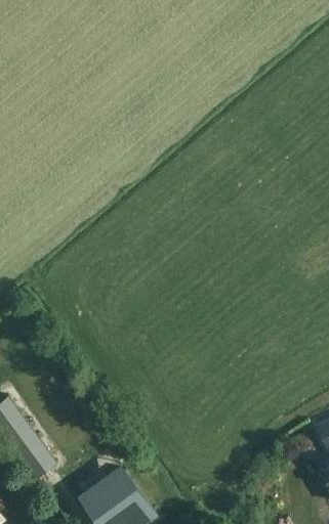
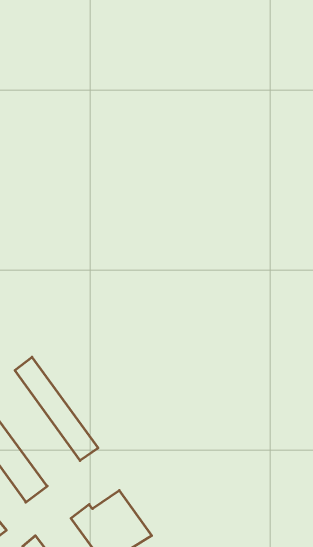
building: none -> [15,357,98,461]

